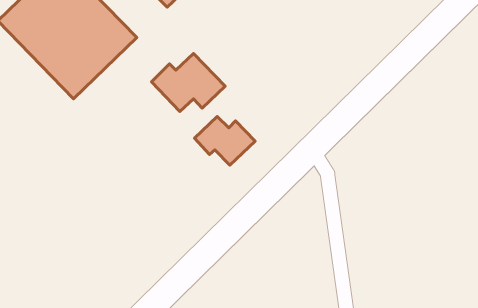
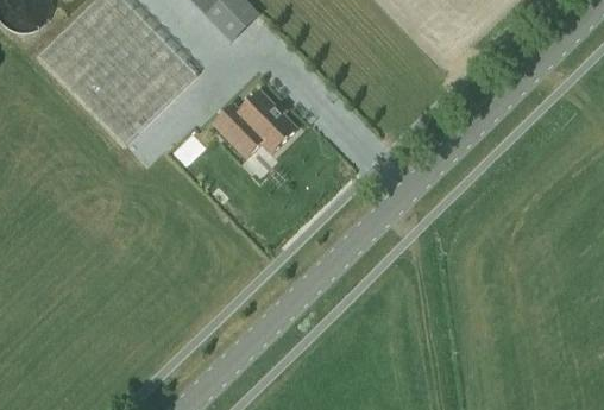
building: [194,116,255,165] -> none

